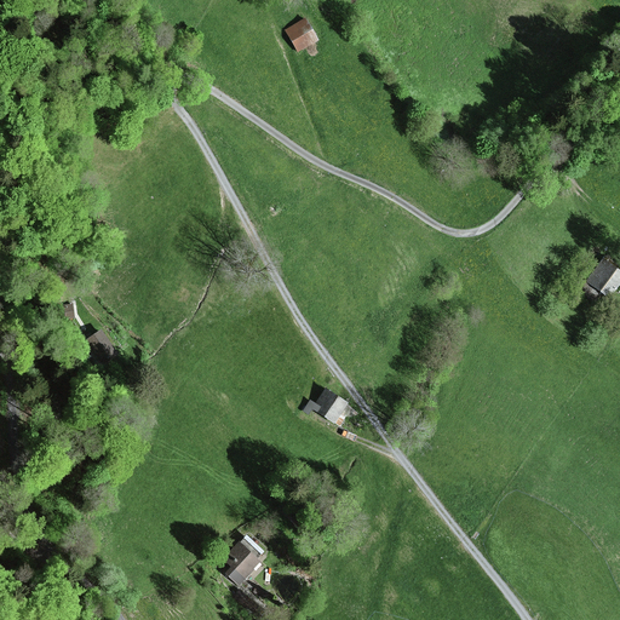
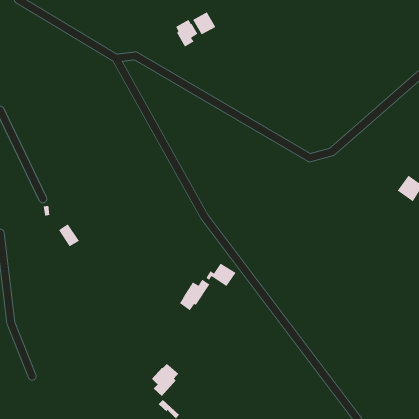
building: none -> [175,19,198,48]
building: none -> [179,279,210,311]

